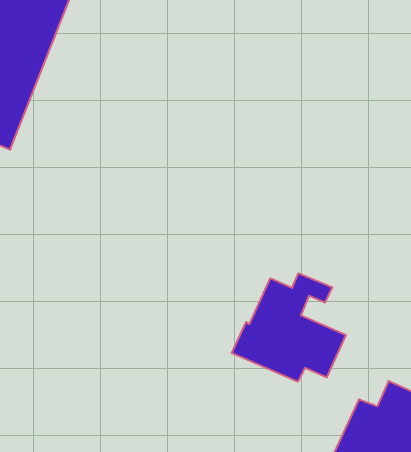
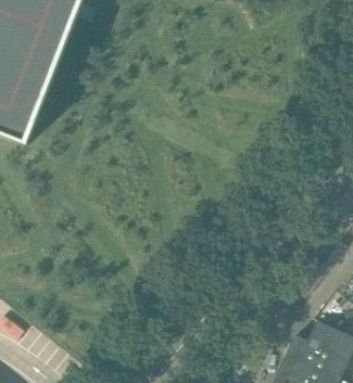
building: [232,273,346,382] -> none

